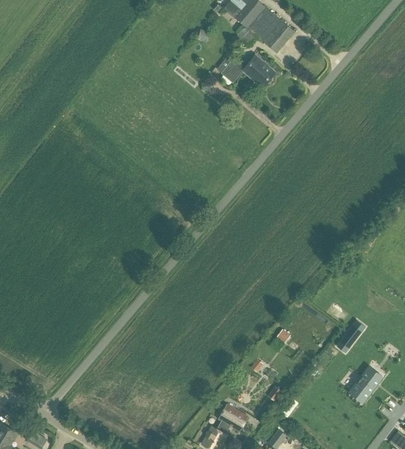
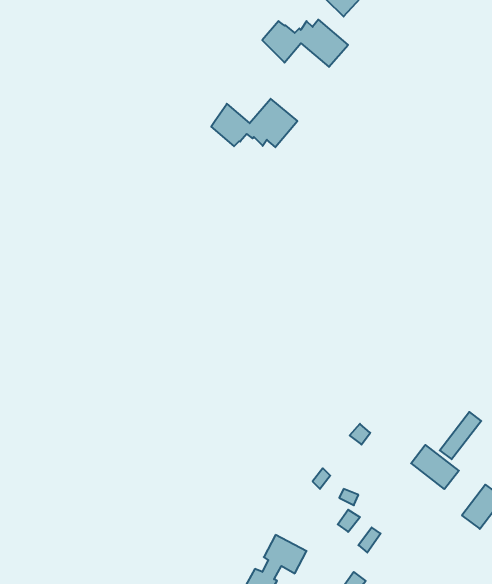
building: none -> [211,99,297,147]
building: none -> [411,445,459,489]

